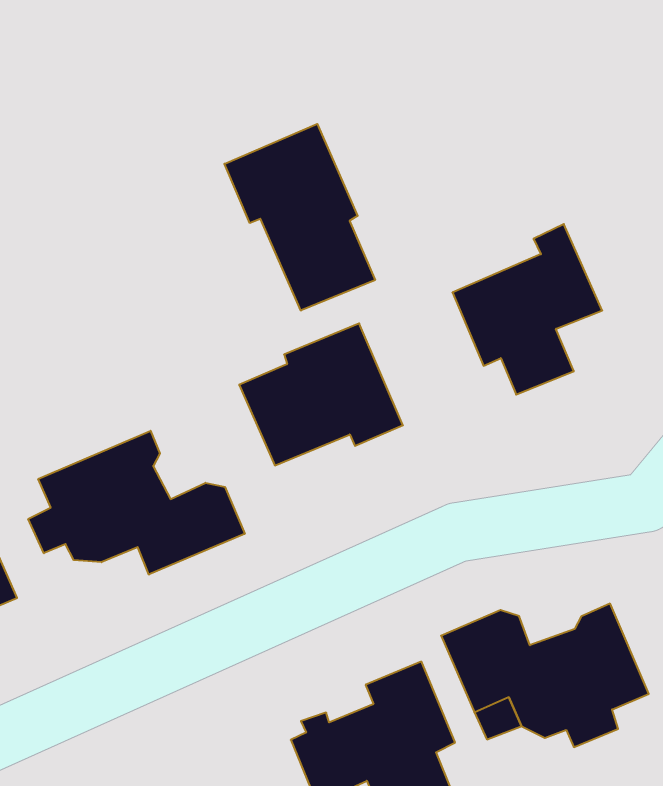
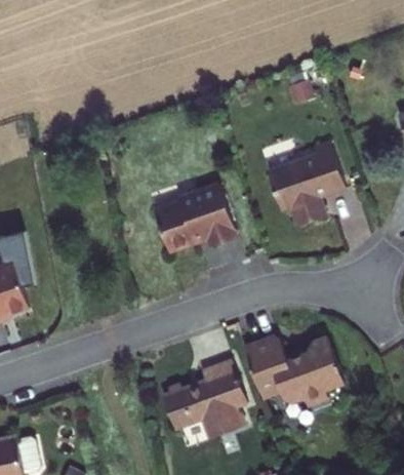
building: [224,124,375,311] -> none
building: [28,431,245,575] -> none

